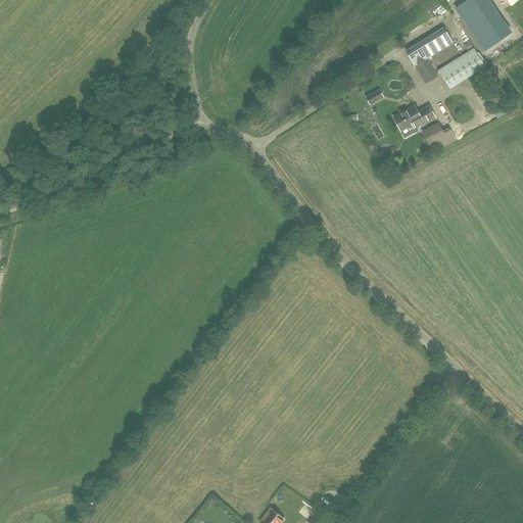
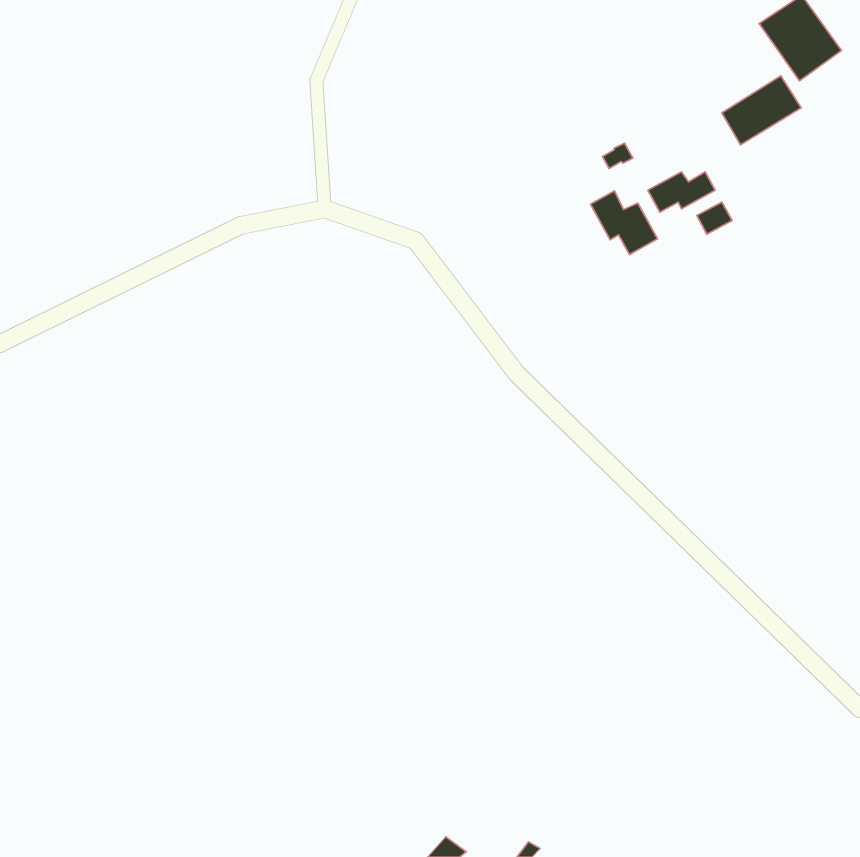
building: [405,31,446,82] -> none
building: none -> [590,191,658,255]

